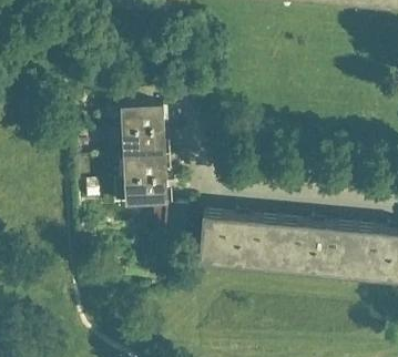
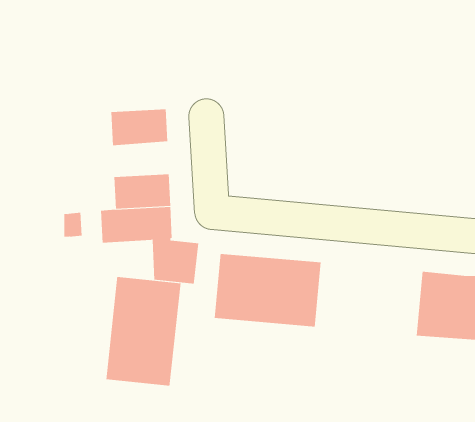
building: [122,132,165,159] -> none
building: [275,223,355,278] -> none
building: none -> [106,276,181,387]

